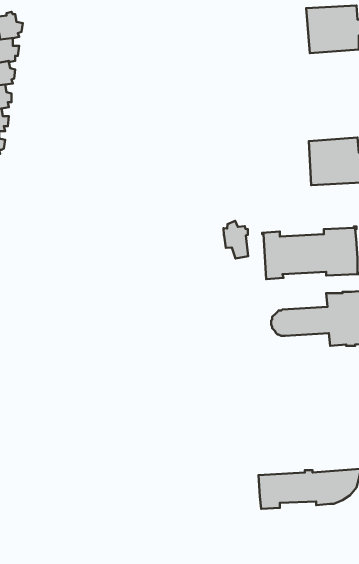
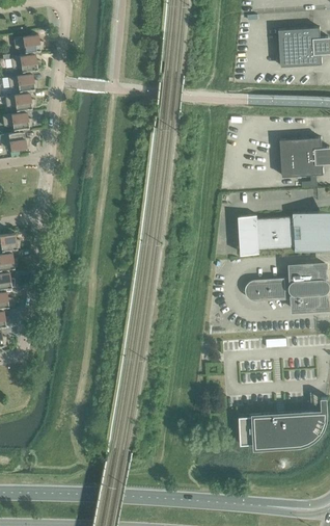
building: [224,221,248,259] -> none

